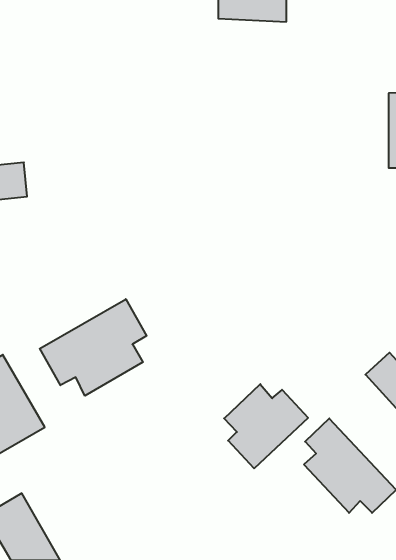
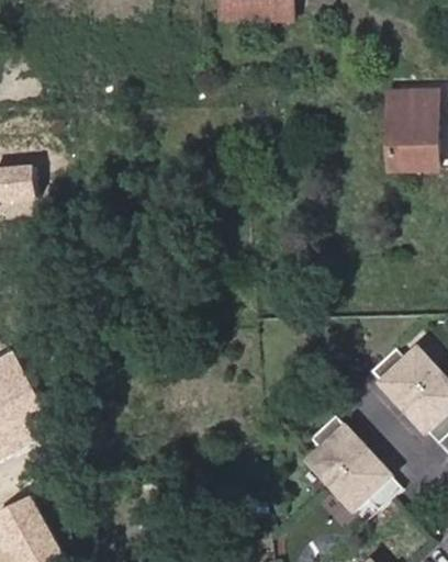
building: [40,299,147,396] -> none
building: [224,384,308,468] -> none

